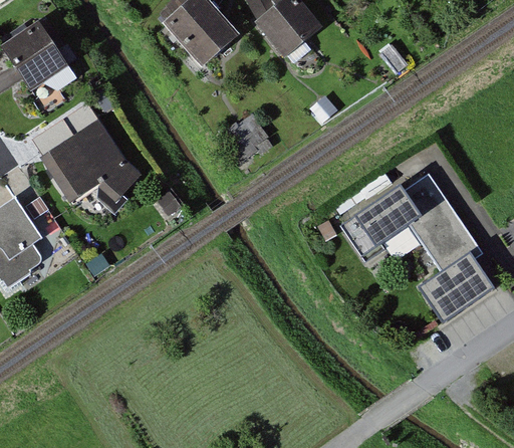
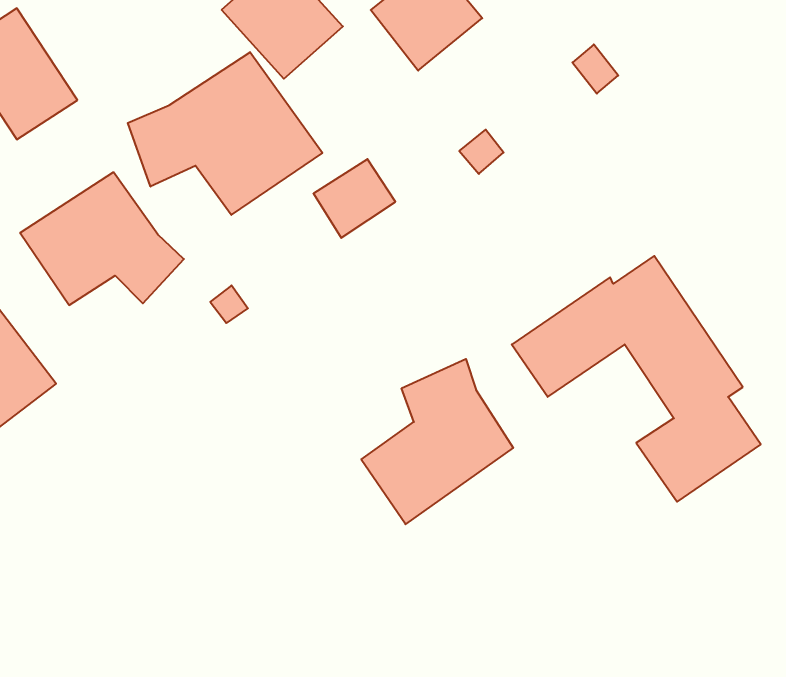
building: none -> [128,52,322,215]
building: none -> [361,359,513,524]

